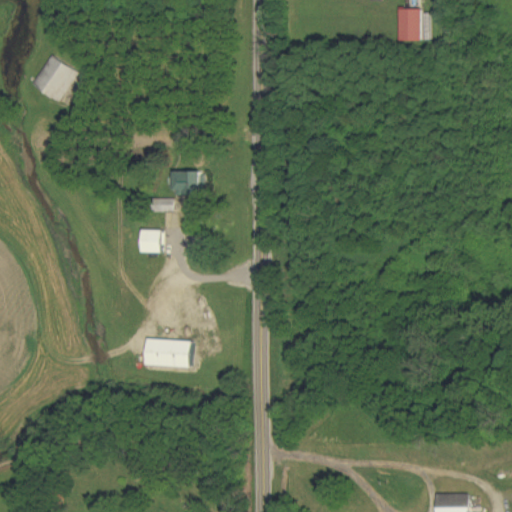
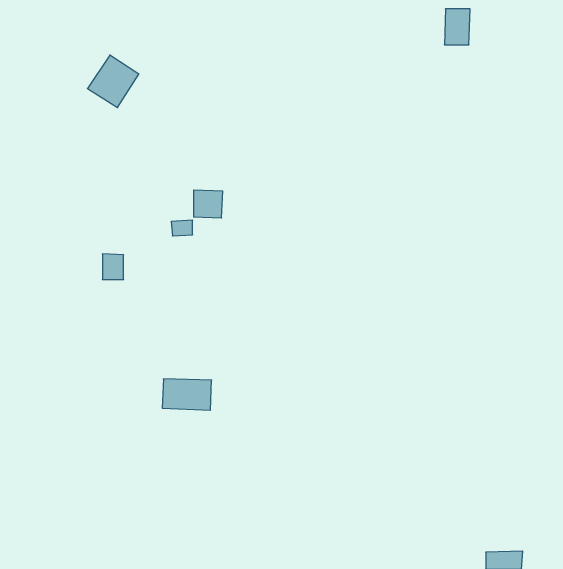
building: [28,54,74,101] -> [87,55,139,108]
building: [141,229,160,252] -> [102,254,124,280]

